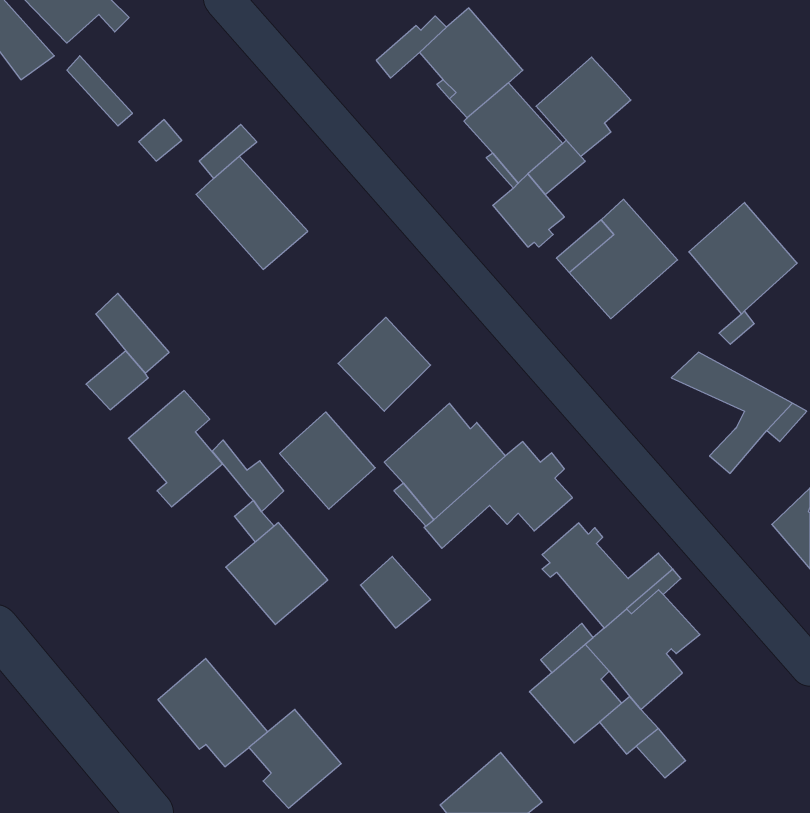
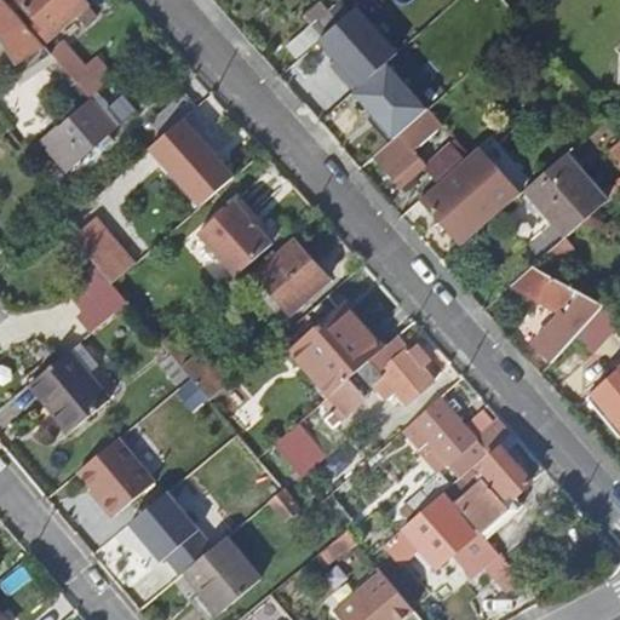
building: [536,57,631,156] -> none
building: none -> [41,99,116,171]
building: [128,391,223,507] -> [33,344,104,432]
building: [280,412,375,509] -> [199,201,271,275]
building: [226,523,328,625] -> [76,438,154,516]

